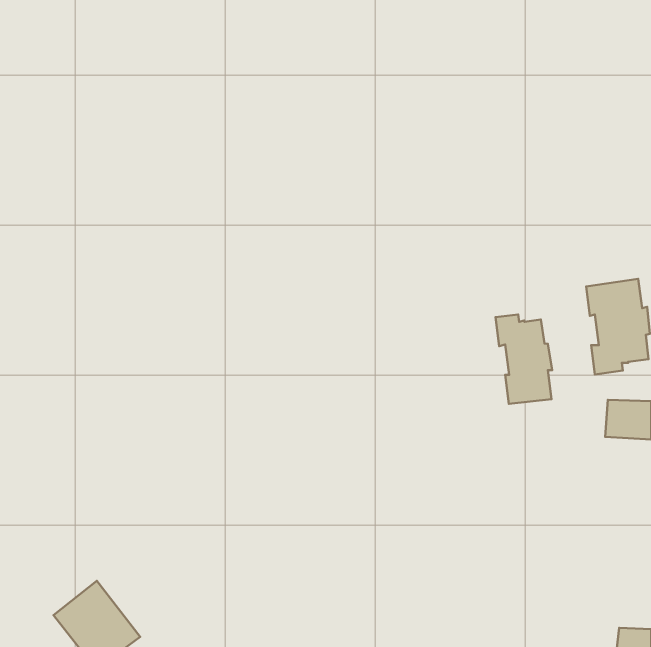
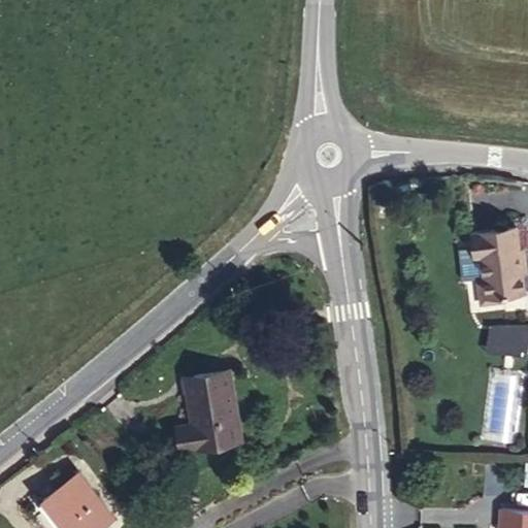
building: [495,314,552,404] -> none
building: none -> [177,370,240,452]

